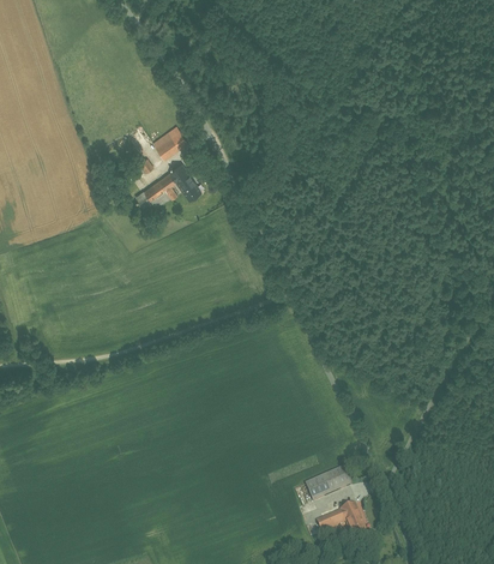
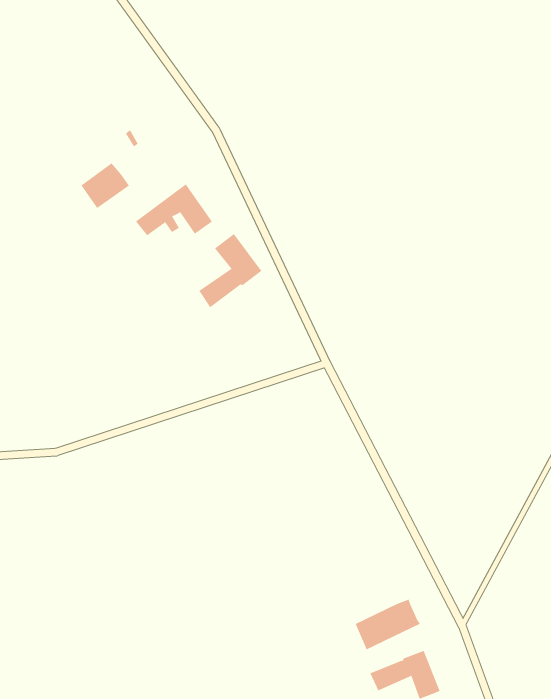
building: [151,125,187,158] -> [80,163,130,209]
building: none -> [198,233,262,308]

